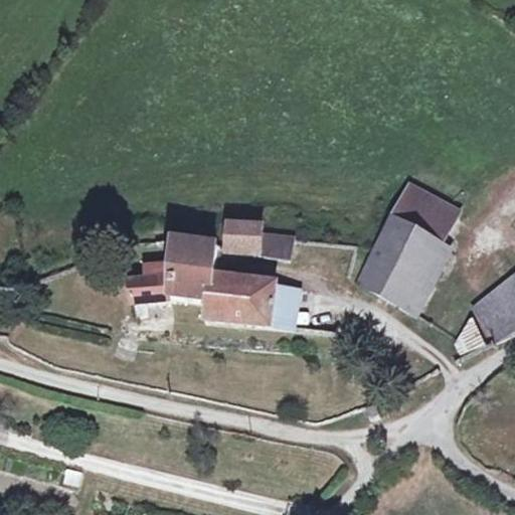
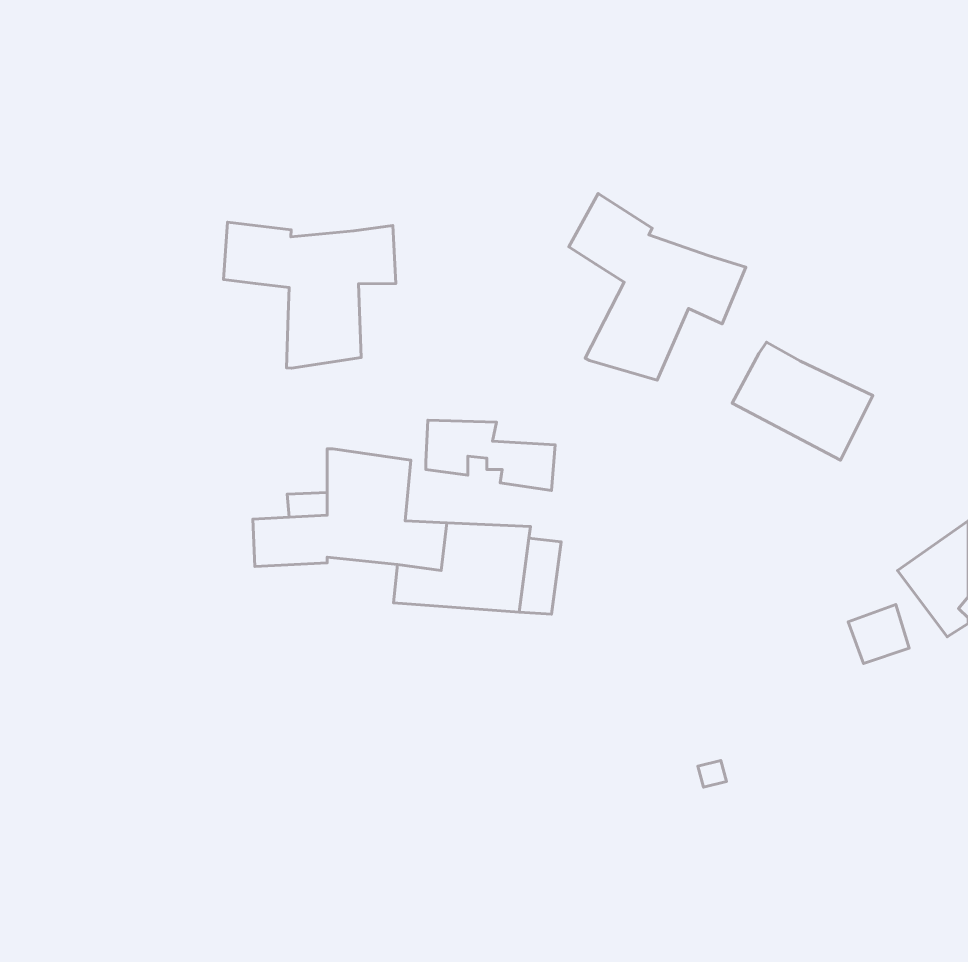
building: none -> [569,194,746,380]
building: none -> [224,222,396,368]
building: [359,213,445,309] -> none

